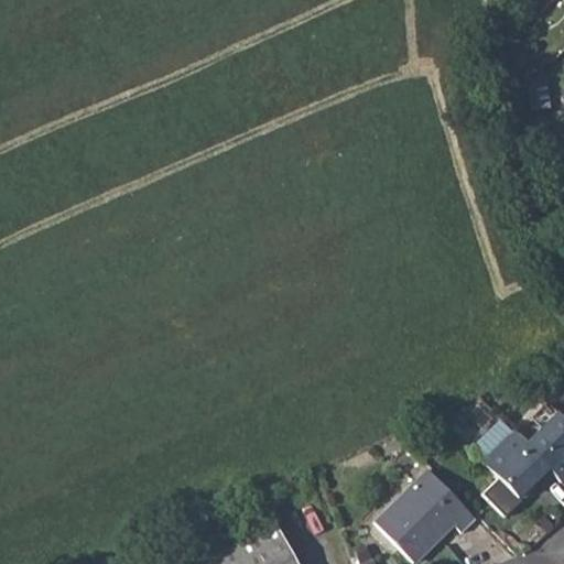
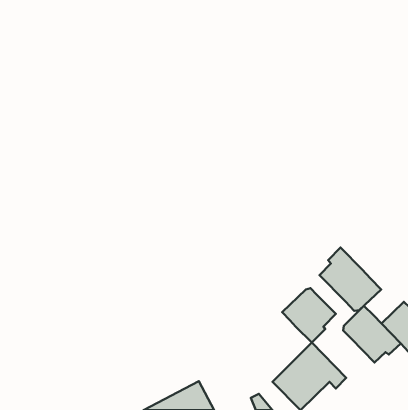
building: none -> [319,248,381,311]
building: none -> [282,288,336,343]

